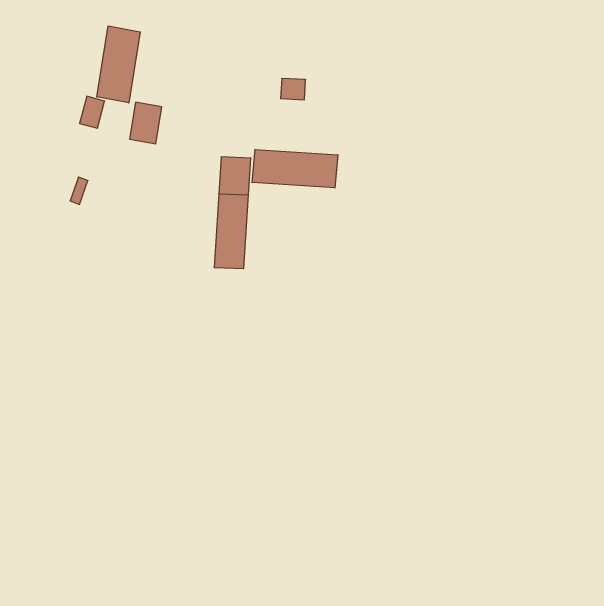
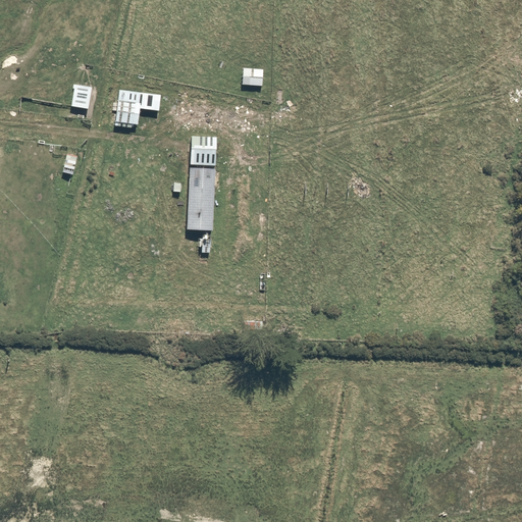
building: [97,26,140,103] -> none
building: [252,149,338,188] -> none

